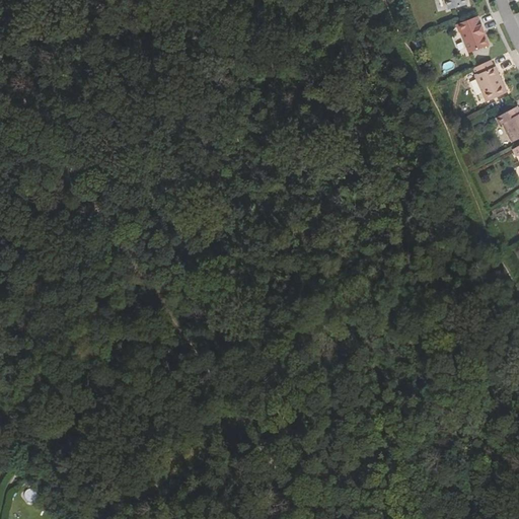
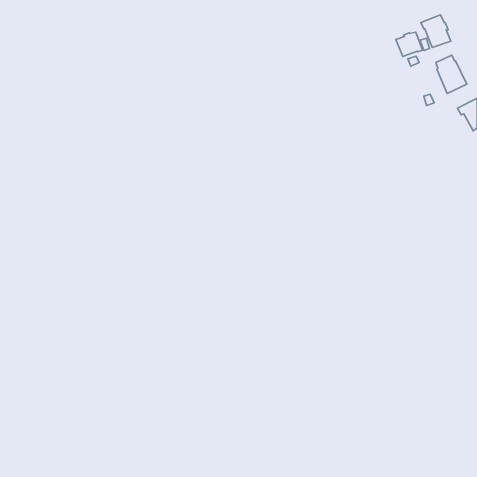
building: none -> [396,32,423,56]

